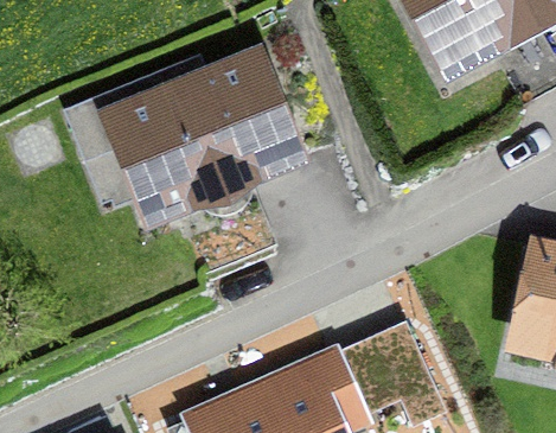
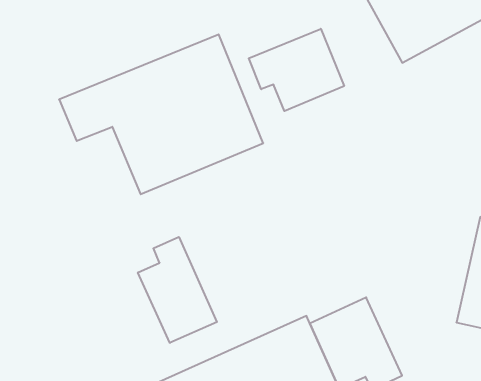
building: none -> [249,29,344,111]
building: none -> [138,237,217,343]

